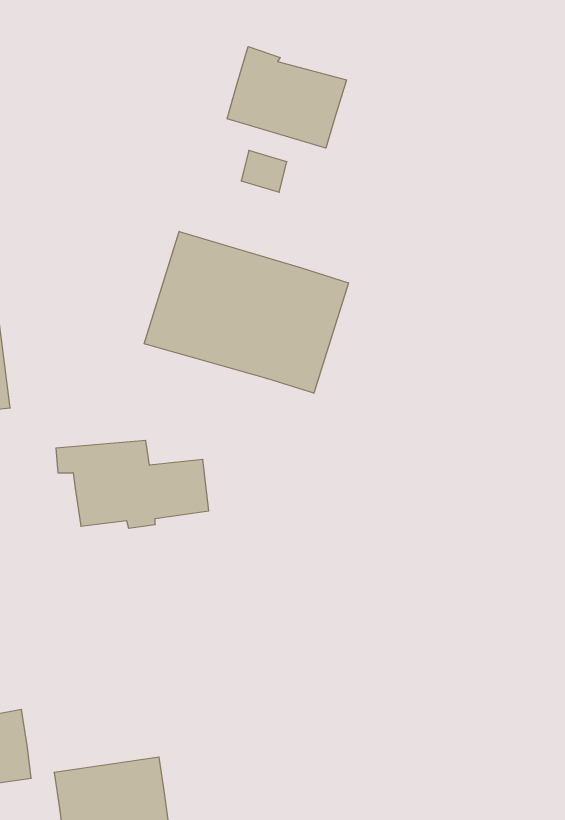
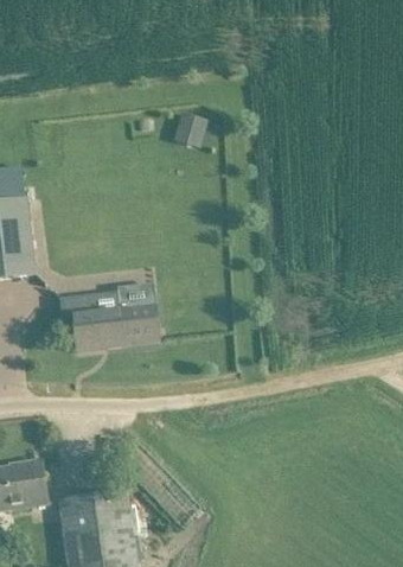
building: [227,47,346,148] -> none
building: [144,231,348,393] -> none

